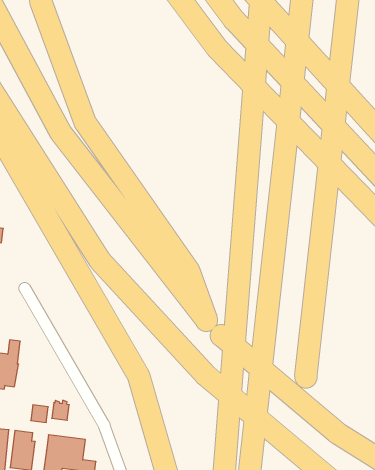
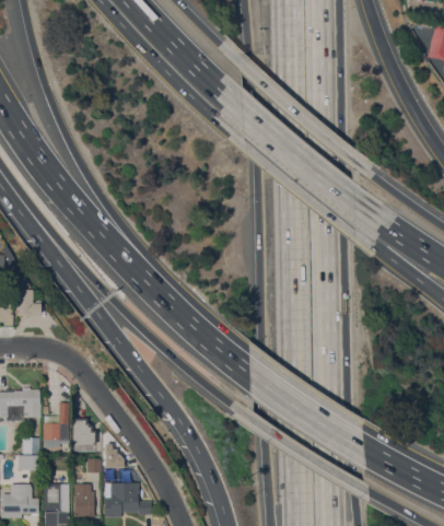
building: none -> [72,419,95,444]

